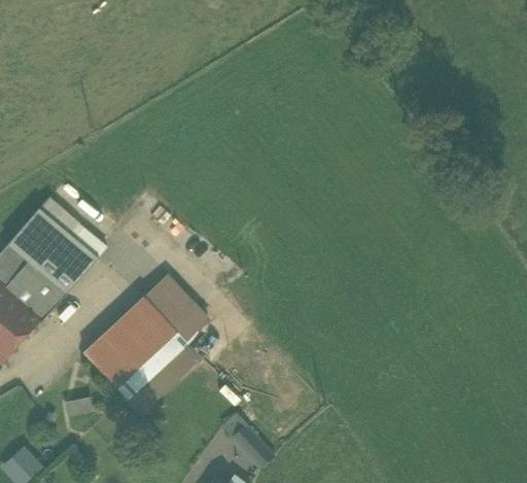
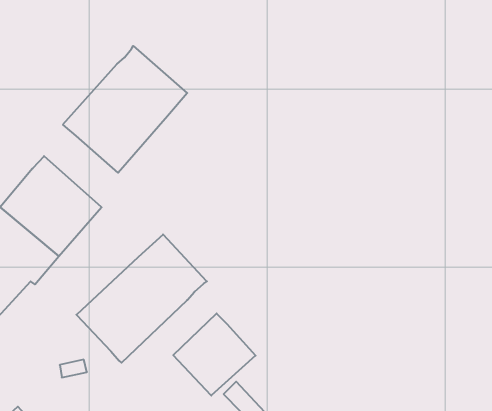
building: none -> [63,46,187,173]
building: none -> [173,313,256,396]

